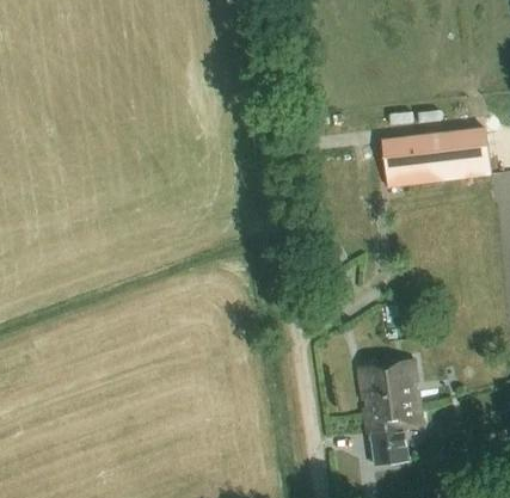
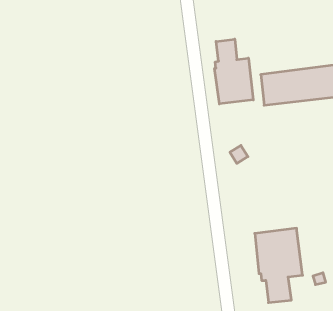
building: none -> [215,39,253,104]

